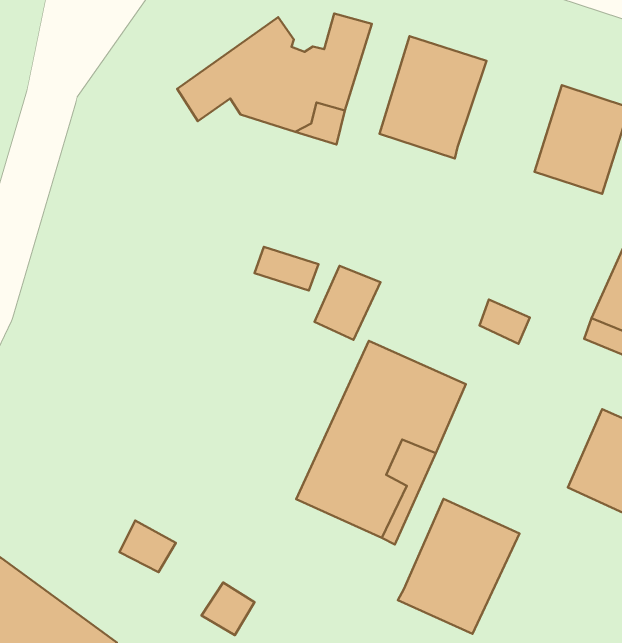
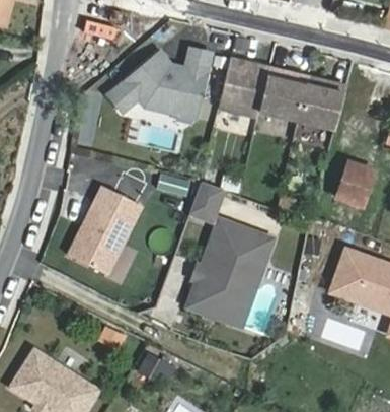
building: none -> [258,68,311,125]
building: none -> [70,184,139,272]
building: [398,499,520,634] -> none

